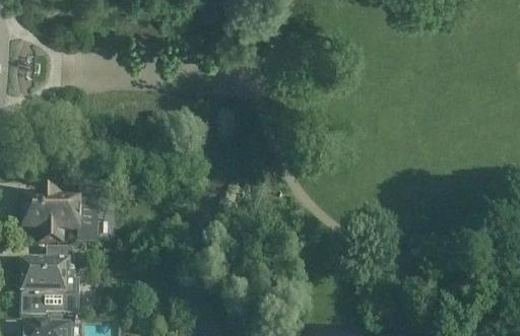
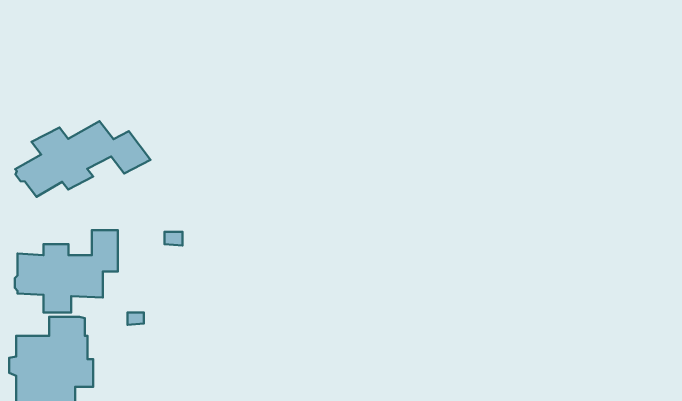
building: none -> [15,121,151,197]

